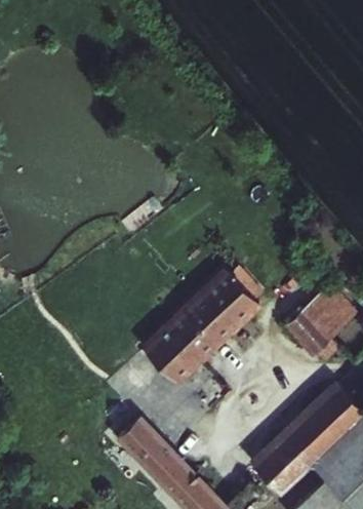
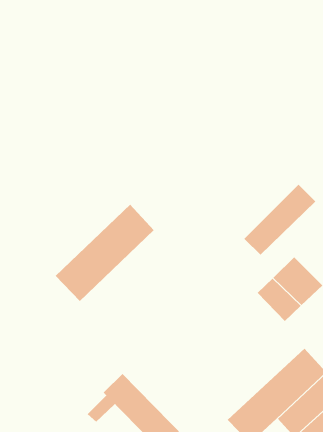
building: none -> [243,184,316,255]
building: [146,276,255,384] -> [55,204,155,302]

